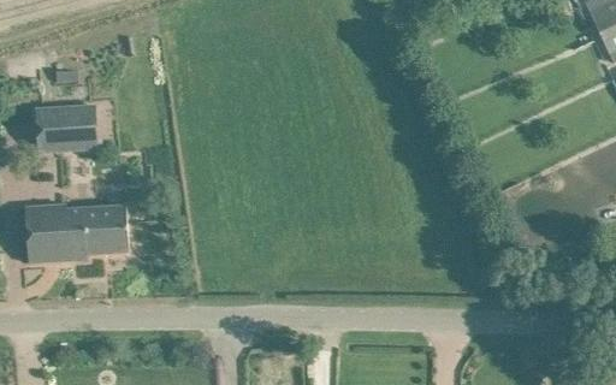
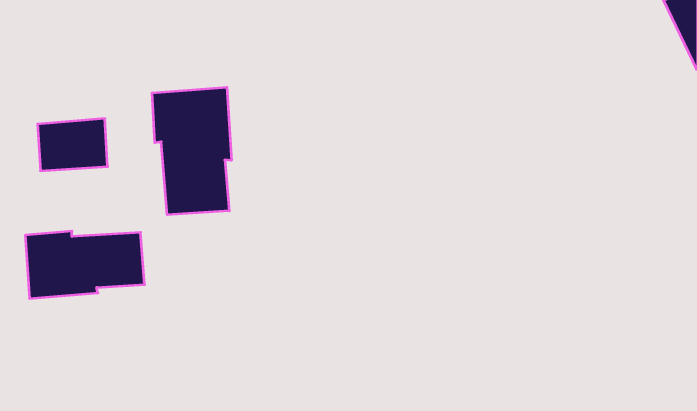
building: none -> [152,87,231,215]

